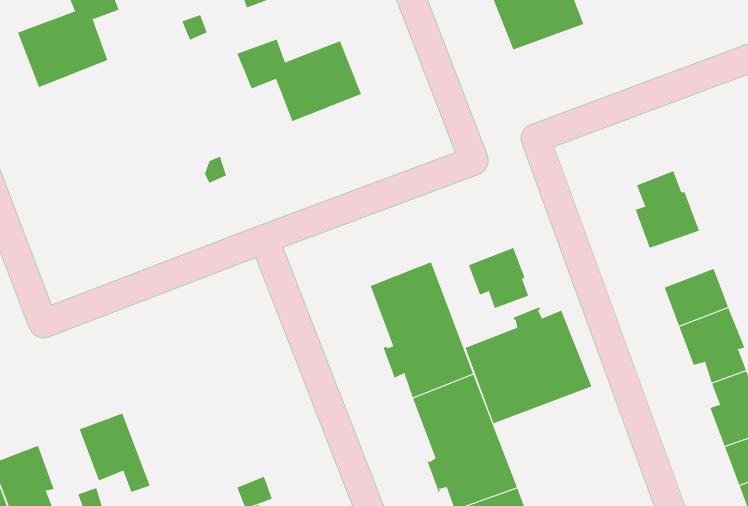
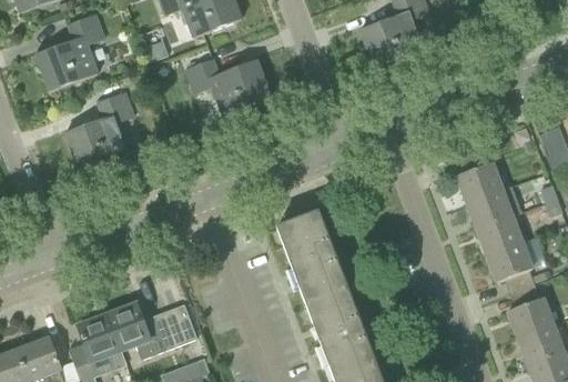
building: none -> [64,91,134,168]
building: none -> [467,184,521,228]
building: [468,247,529,309] -> none
building: [465,307,592,424] -> none
building: none -> [108,302,196,363]

